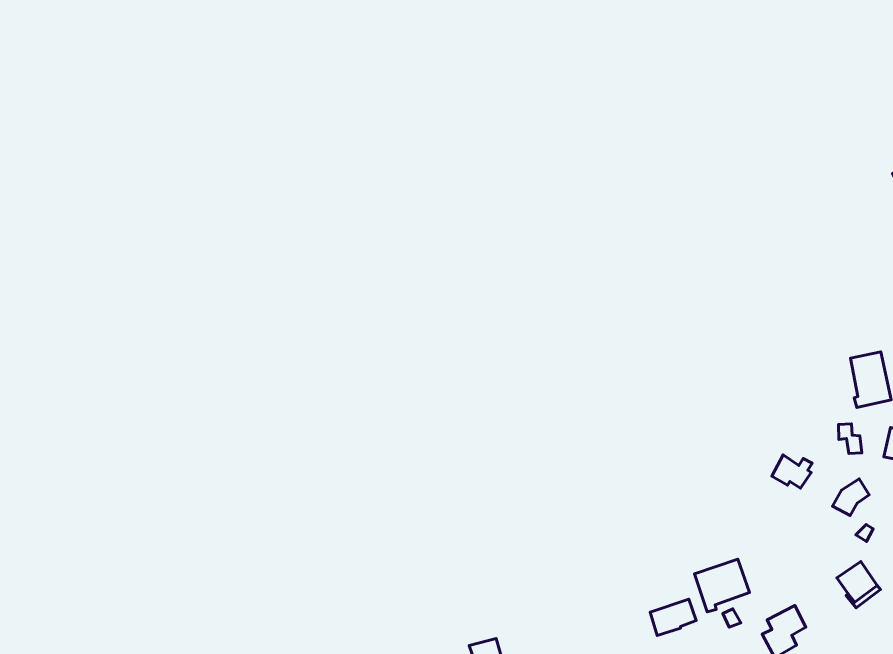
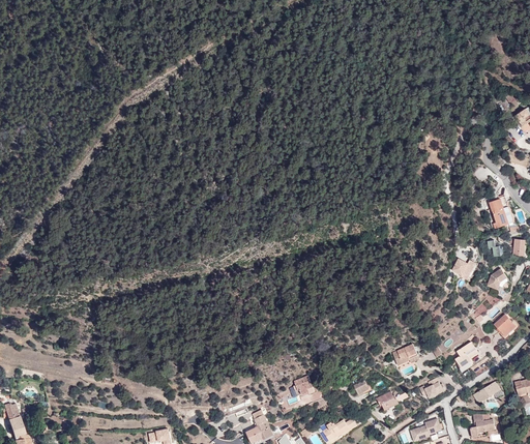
building: [695,559,749,612] -> none

